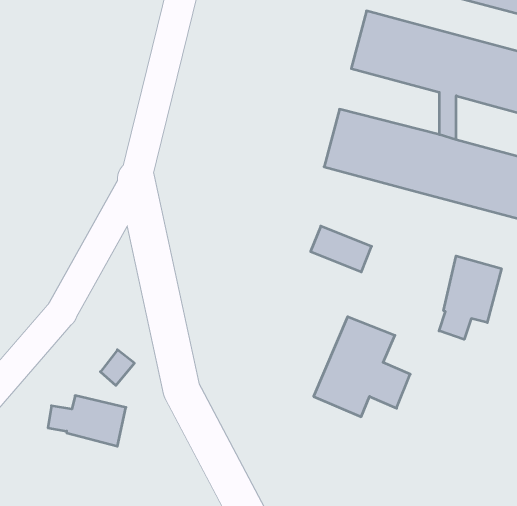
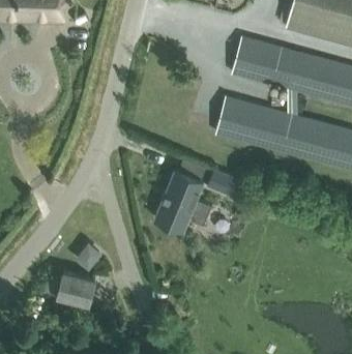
building: [439,256,501,339] -> none
building: [314,317,410,417] -> [154,171,213,232]

